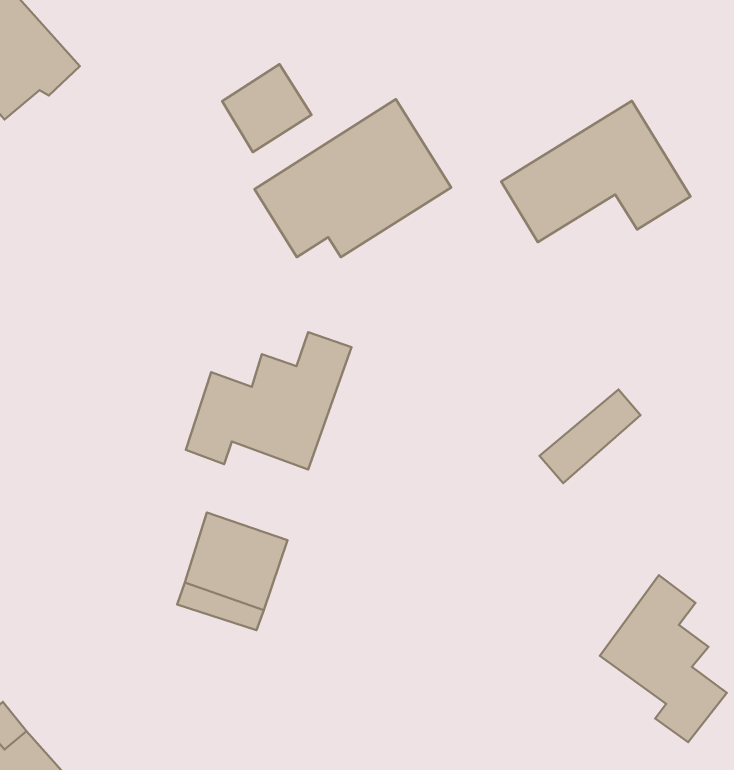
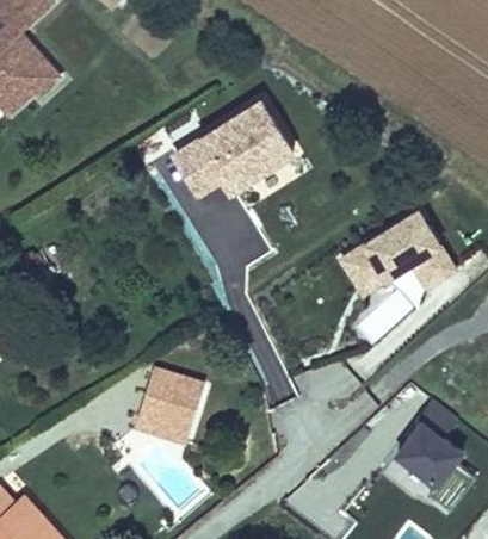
building: [222,64,312,152] -> none
building: [501,101,690,242] -> [340,206,463,298]
building: [186,332,352,470] -> none

